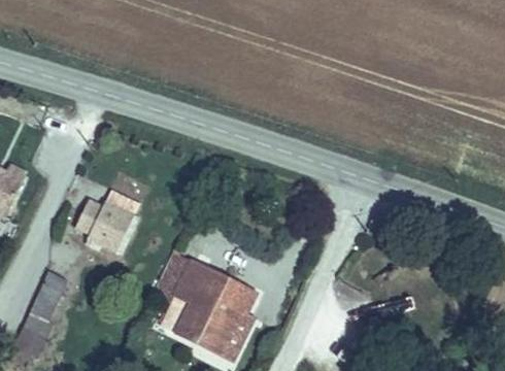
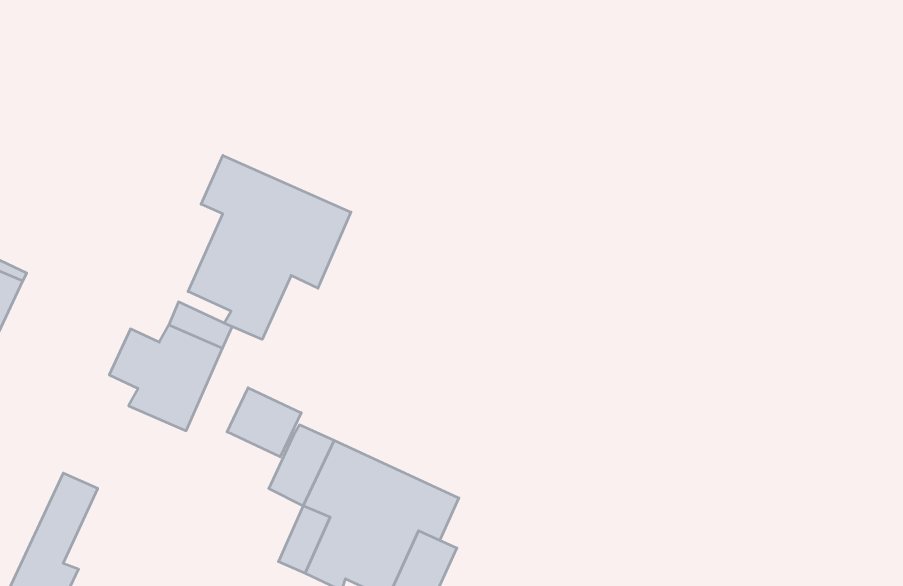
building: none -> [188,155,351,339]
building: none -> [227,388,301,457]

